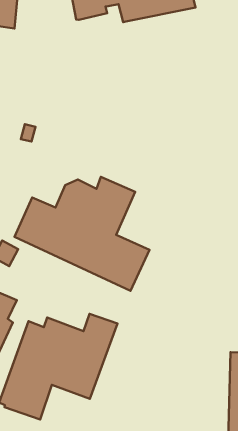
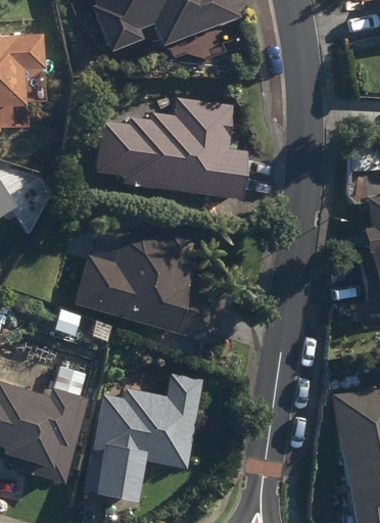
building: none -> [98,98,247,198]

